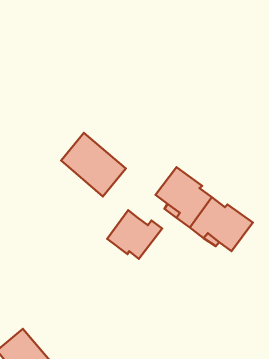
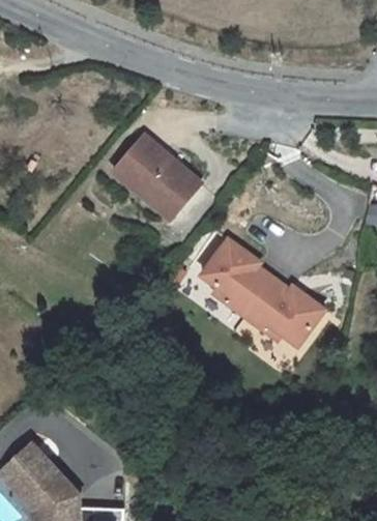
building: [61,133,126,196] -> [117,138,199,219]
building: [107,210,162,259] -> none

